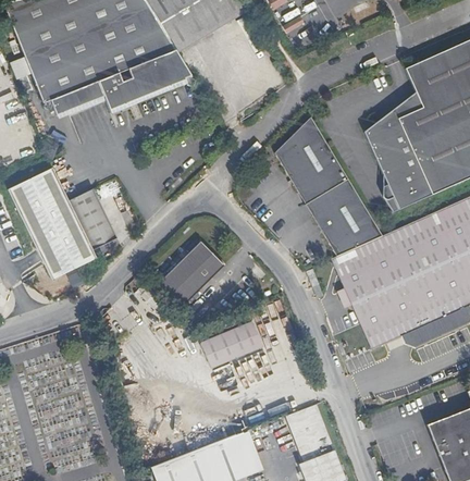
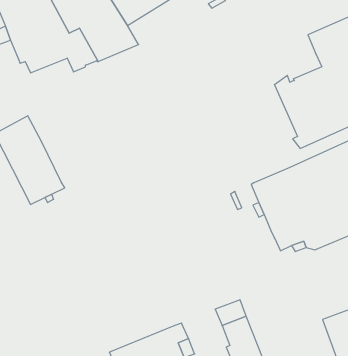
building: [380,91,423,127] -> none
building: [275,116,383,255] -> none
building: [69,190,119,254] -> none
building: [154,240,223,310] -> none
building: [201,322,263,370] -> none

